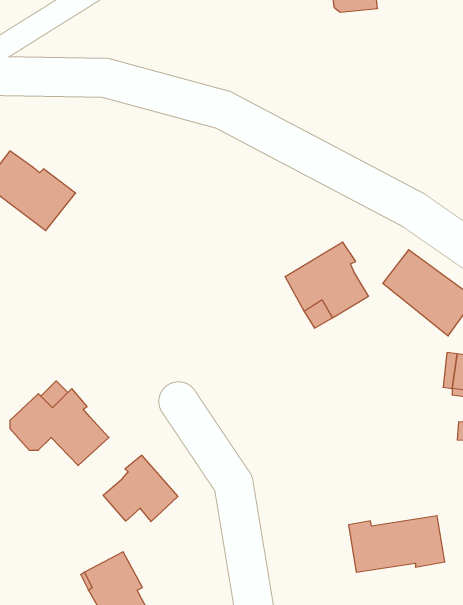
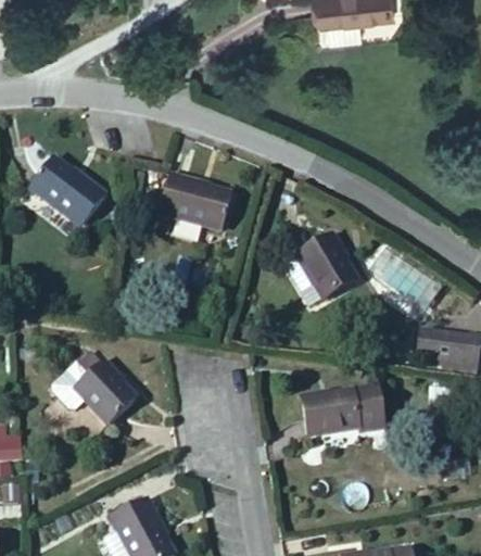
building: none -> [159,170,231,228]
building: [103,455,178,522] -> none
building: [349,516,445,572] -> [302,387,383,434]

